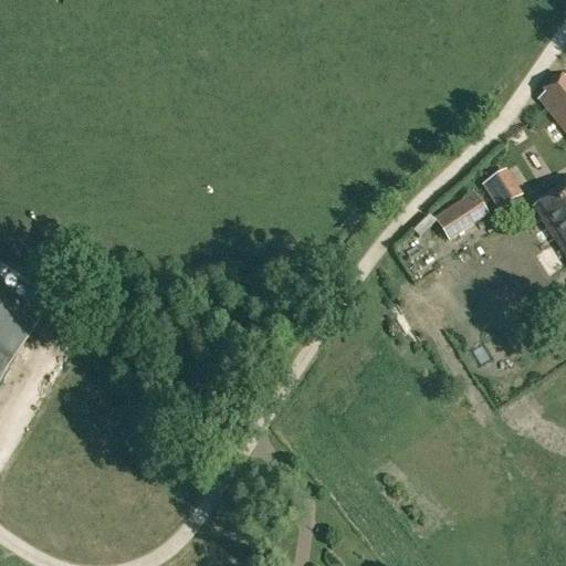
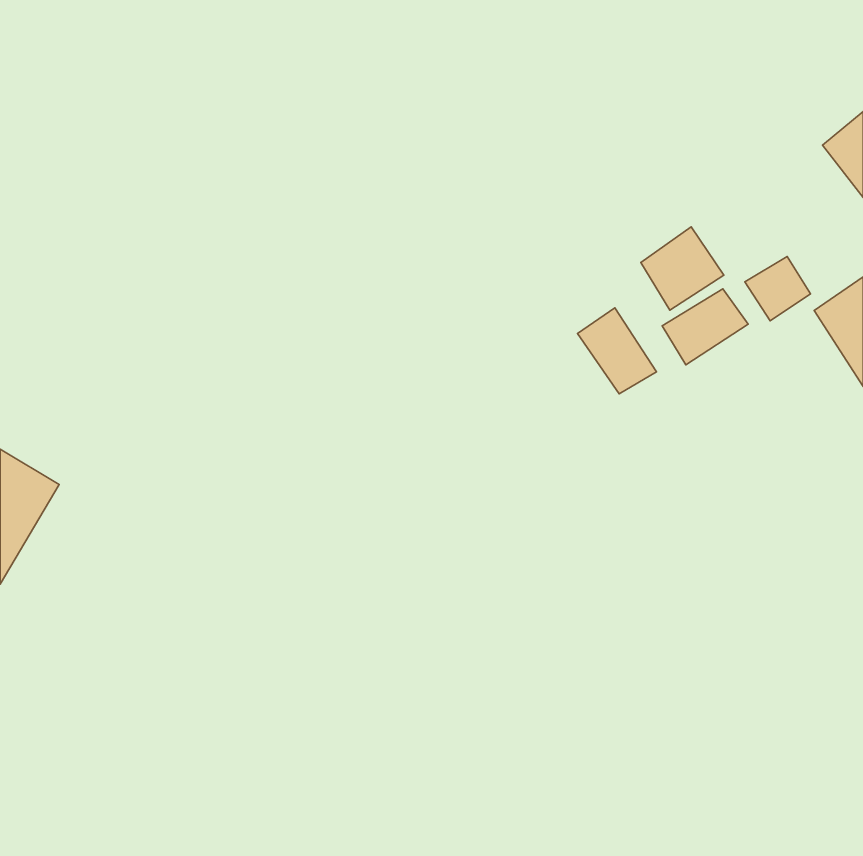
building: none -> [641,227,724,310]
building: none -> [578,308,656,394]

